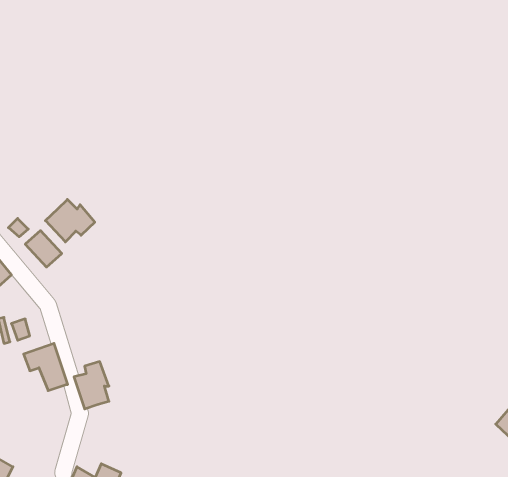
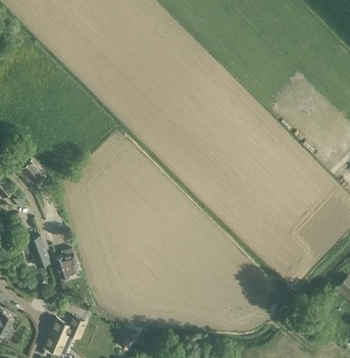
building: [45,199,95,242] -> none

